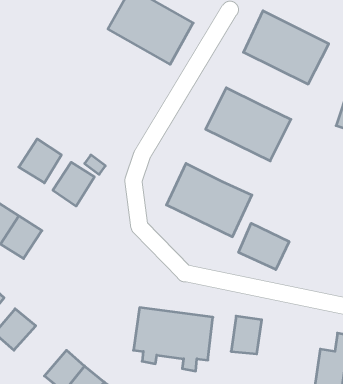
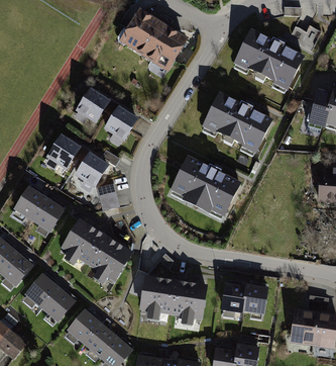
building: none -> [75,88,111,125]
building: none -> [102,105,140,144]
building: [239,223,289,270] -> none
building: none -> [61,218,131,286]
building: none -> [242,284,268,315]
building: none -> [41,289,77,324]

